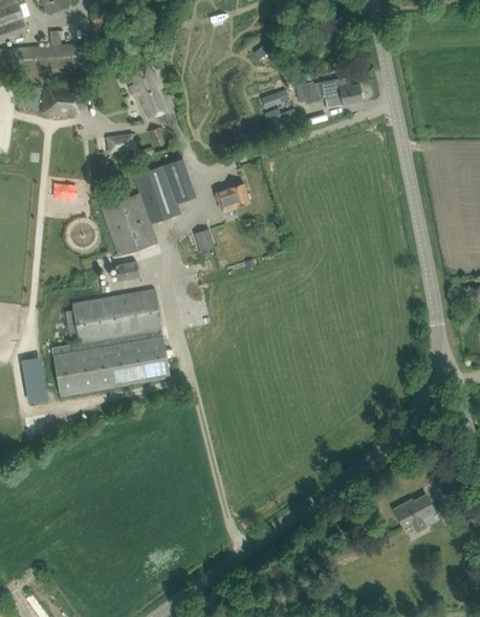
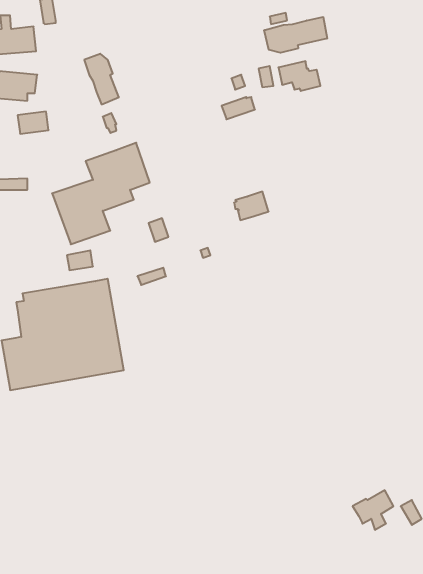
building: none -> [264,17,327,53]
building: [105,131,135,153] -> [18,112,49,134]
building: [215,183,248,211] -> [234,192,269,220]

